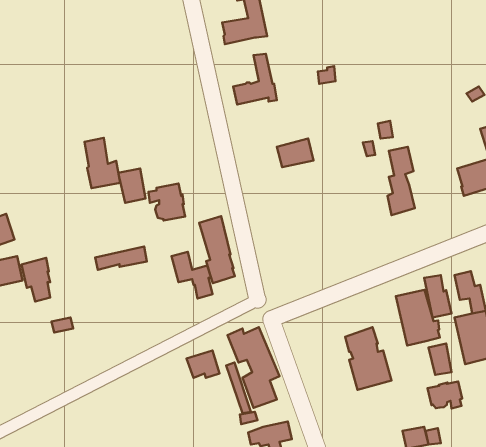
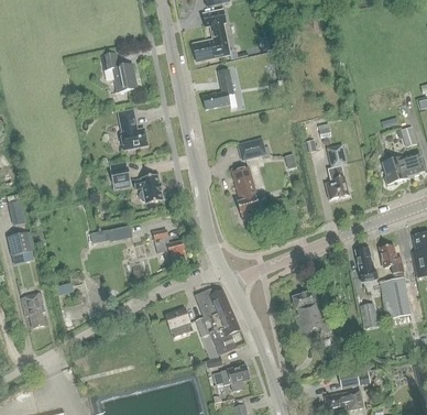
building: none -> [101,52,135,90]
building: [85,138,120,188] -> [118,108,146,149]
building: [199,216,235,283] -> [231,165,260,219]
building: [21,258,50,301] -> [21,292,44,327]
building: [396,290,440,346] -> none
building: [428,382,462,409] -> none

